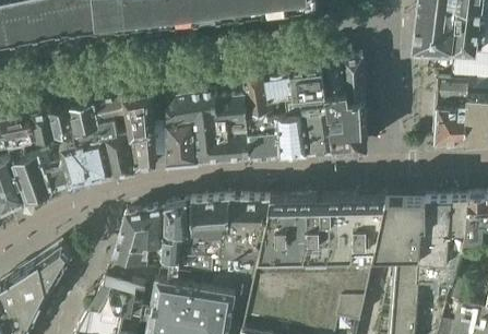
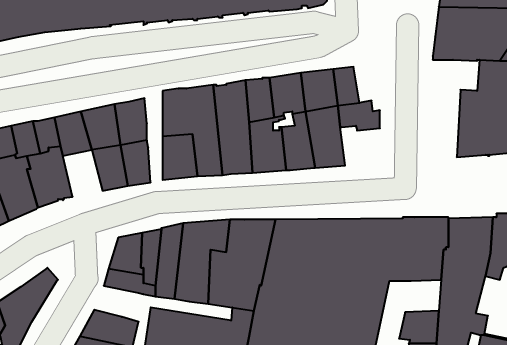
building: [338,60,362,104] -> none
building: [326,118,365,153] -> none
building: [74,139,110,181] -> none
building: [385,257,418,286] -> none

